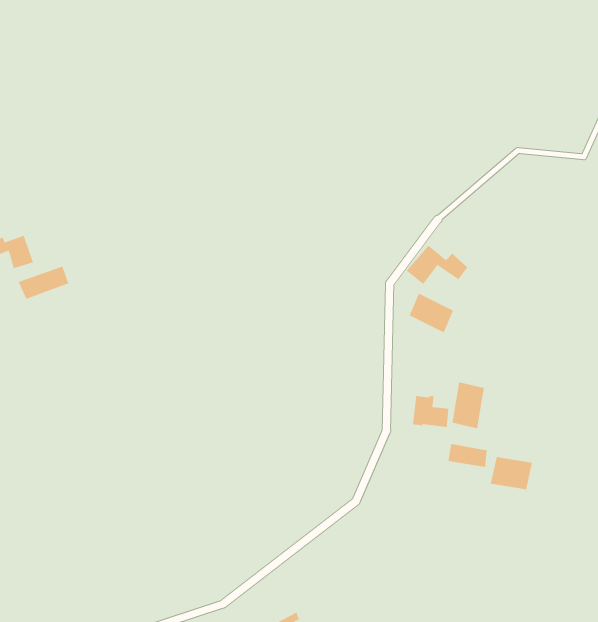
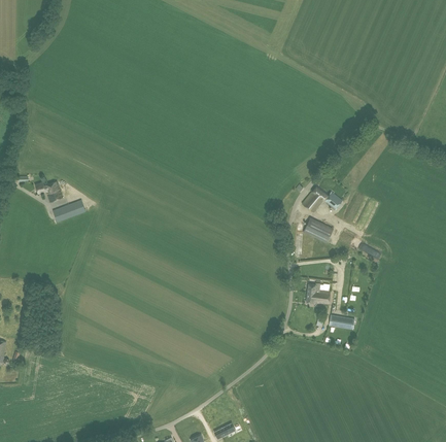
building: [452,382,484,429] -> none
building: [490,456,533,490] -> none

